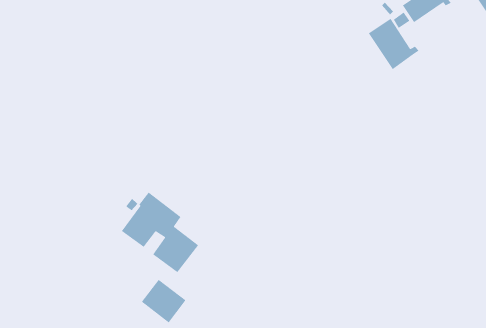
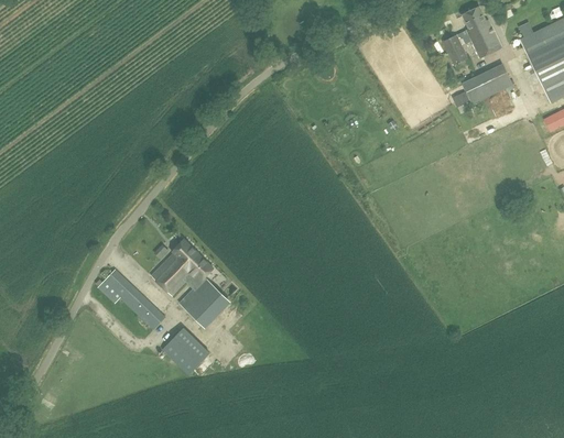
building: [368,18,420,70] -> none
building: none -> [98,270,165,329]

